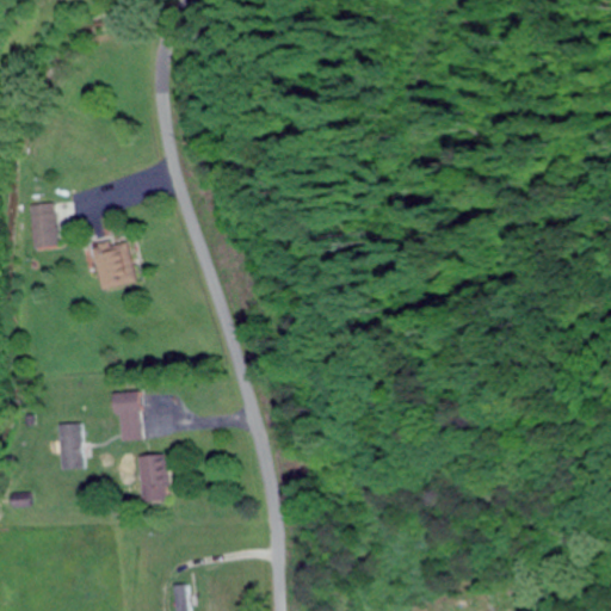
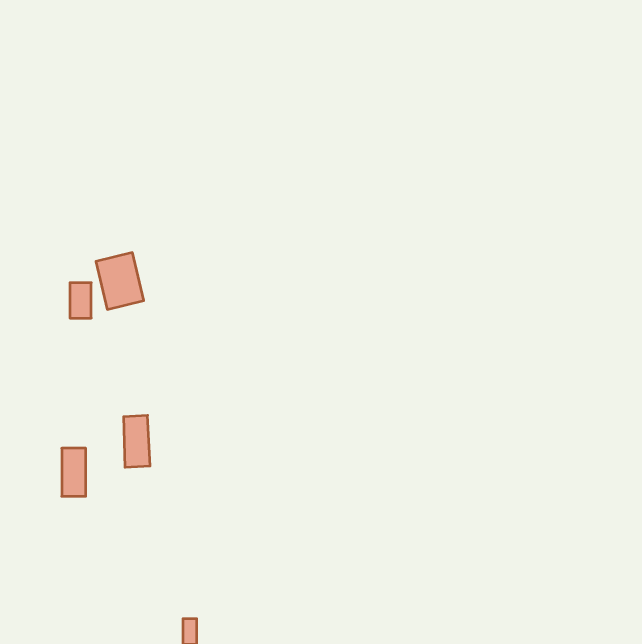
building: [35,205,55,239] -> [70,283,91,318]
building: [138,456,166,501] -> none

